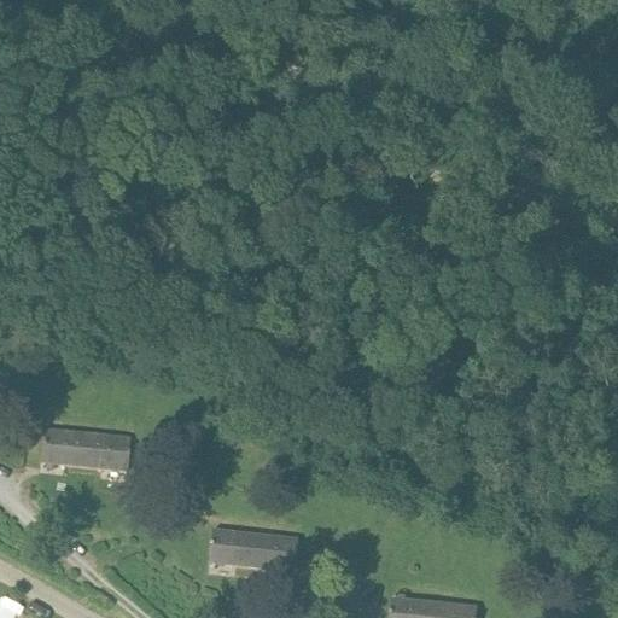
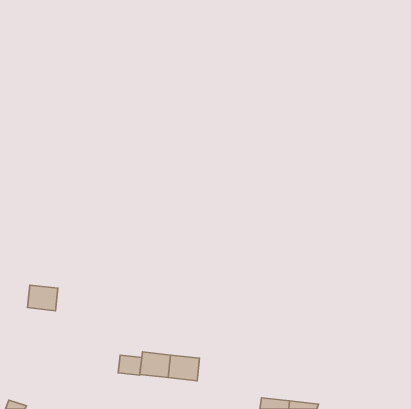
building: [83,432,130,470] -> none
building: none -> [118,355,142,375]

